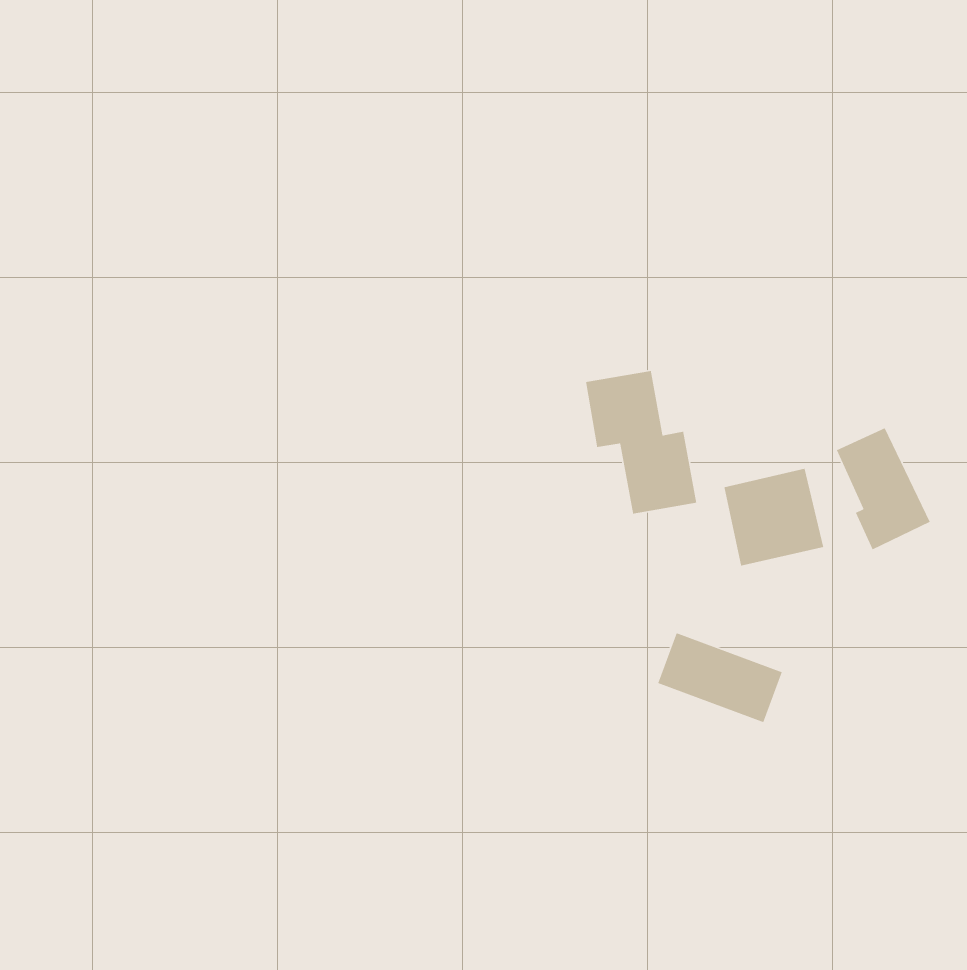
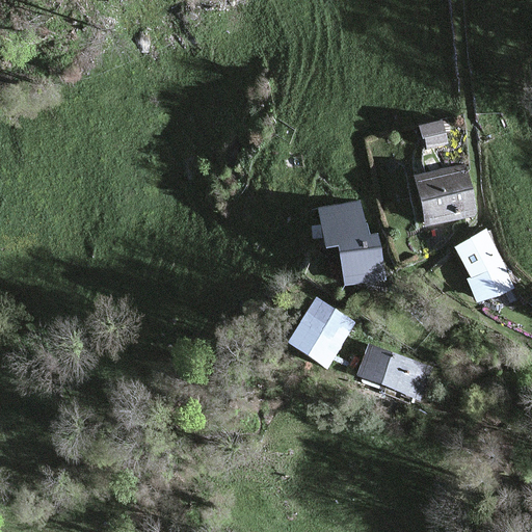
building: [723,468,824,567] -> [418,167,473,221]
building: none -> [291,301,350,363]

